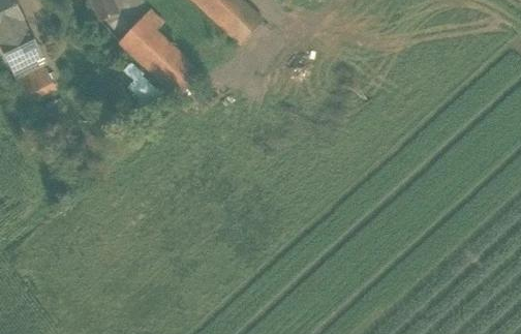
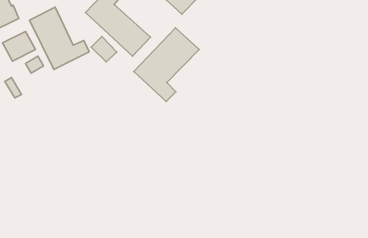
building: none -> [30,7,89,69]
building: none -> [134,28,199,102]

